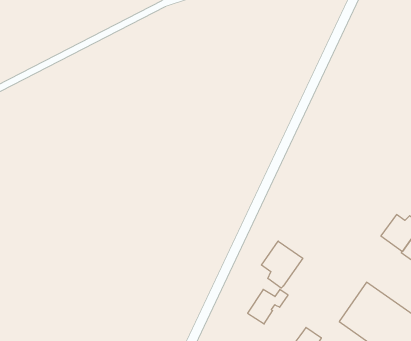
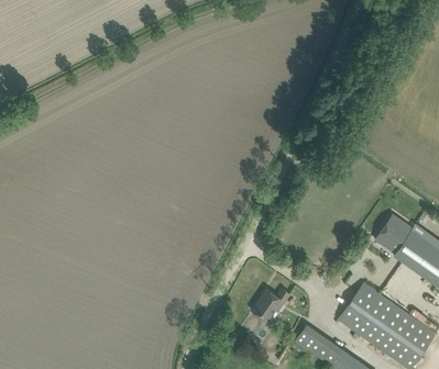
building: [261,241,303,288] -> none

